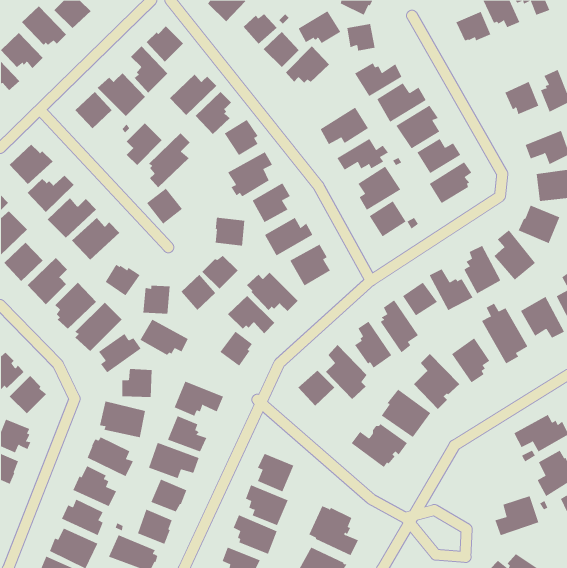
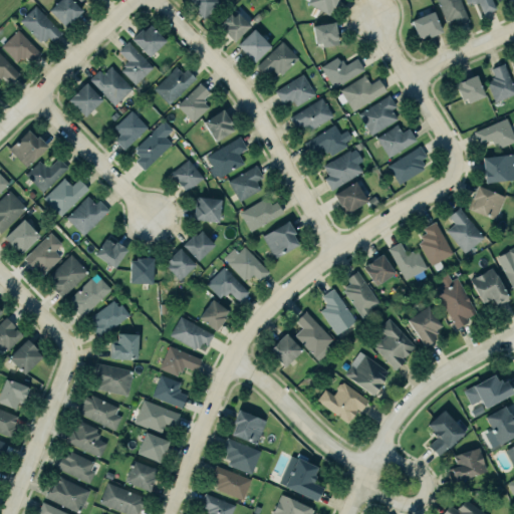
building: [298,11,341,44] -> [276,75,315,105]
building: [146,188,183,224] -> [172,160,205,193]
building: [139,319,188,356] -> [171,316,215,349]
building: none -> [429,411,467,458]

